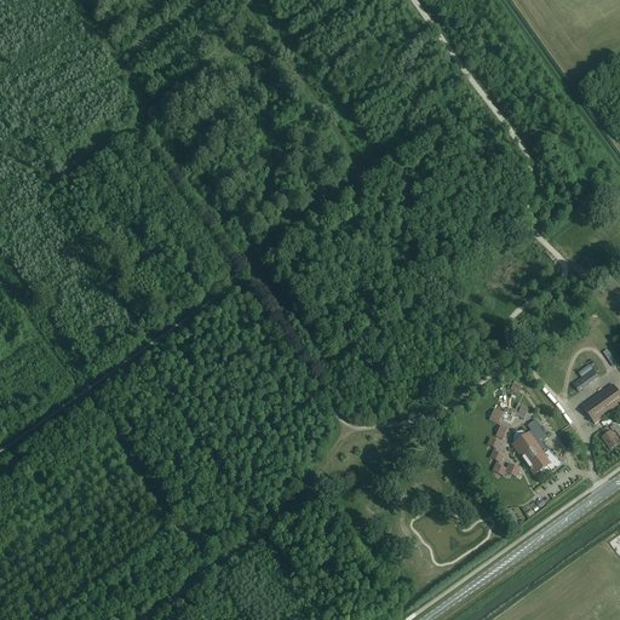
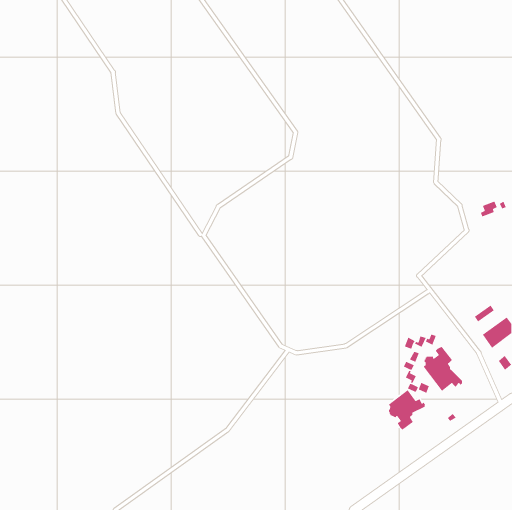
building: none -> [388,389,426,431]

